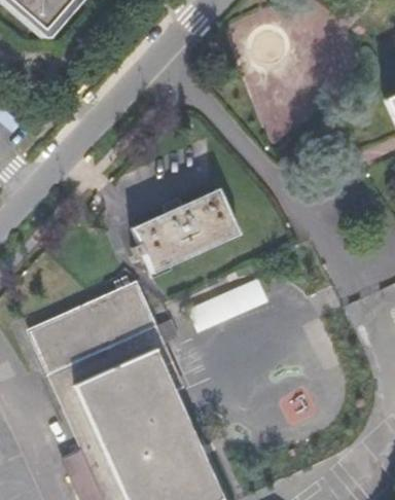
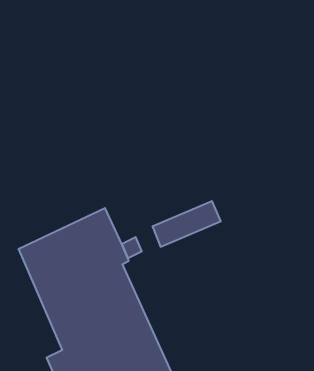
building: [134,190,238,272] -> none

